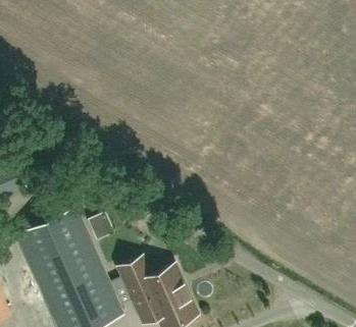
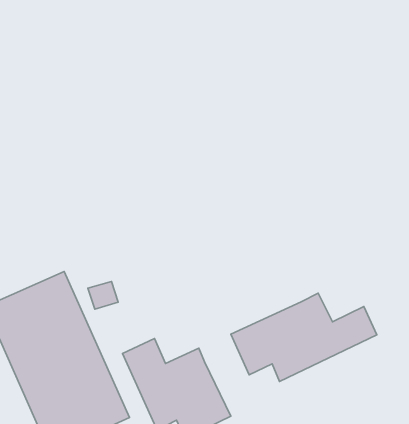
building: none -> [231,293,377,381]

